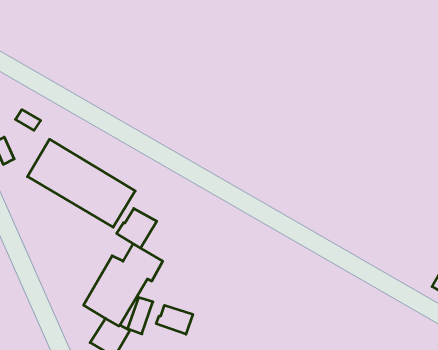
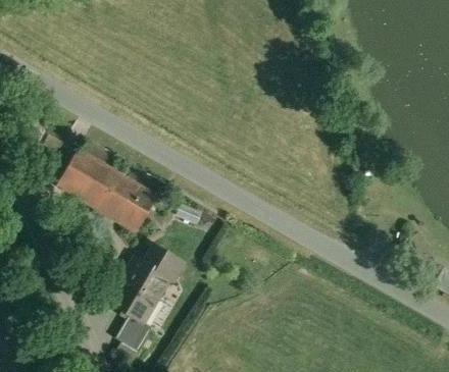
building: [117,208,157,248] -> none
building: [156,305,193,334] -> none

